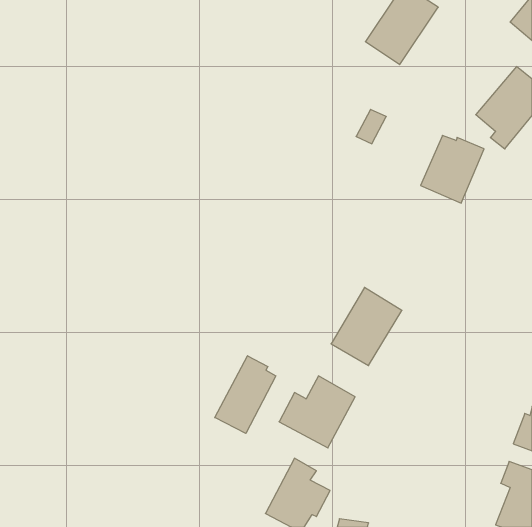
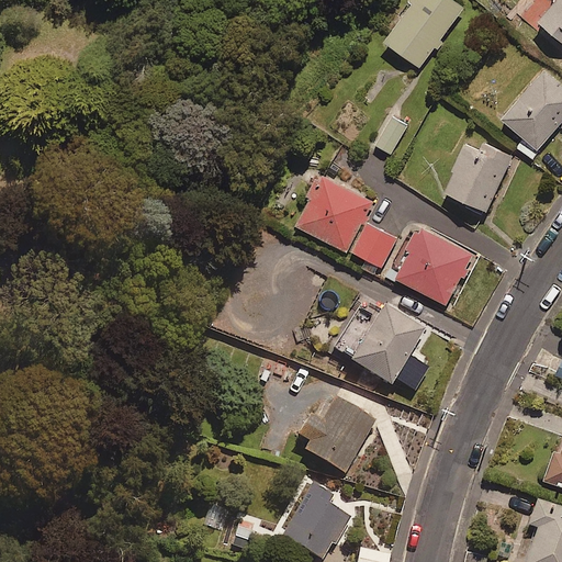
building: none -> [295,175,396,267]
building: none -> [395,228,470,302]
building: [215,356,276,433] -> none

